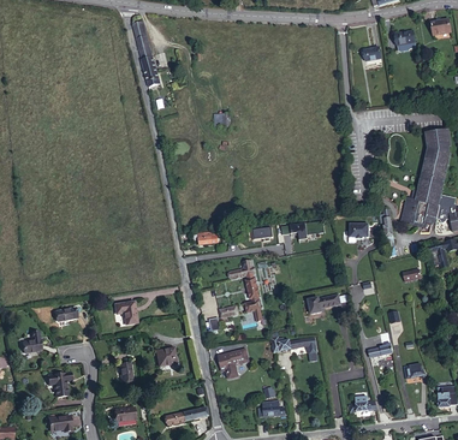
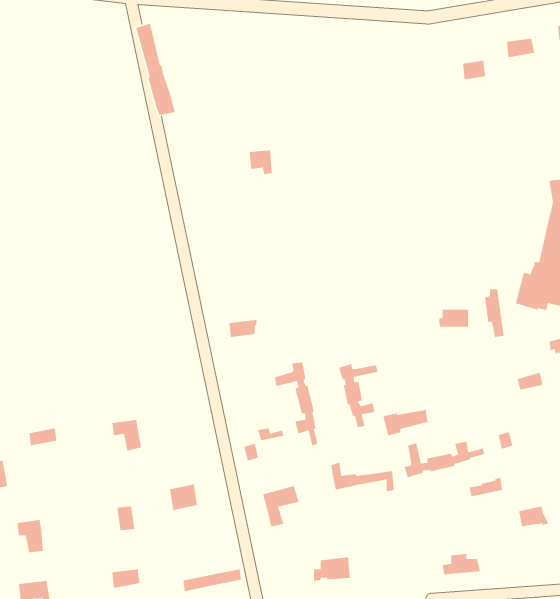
building: none -> [338,363,379,428]
building: none -> [403,441,485,478]

